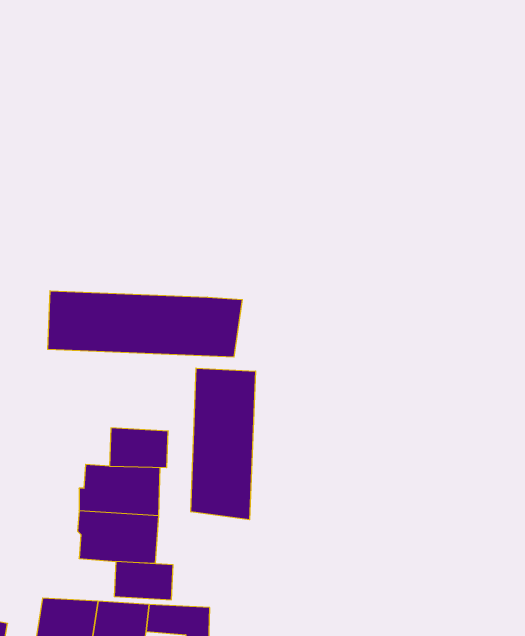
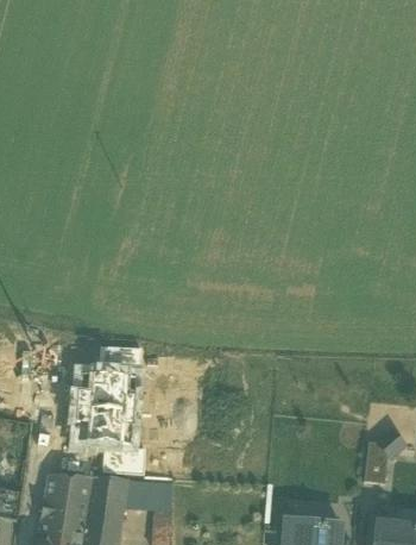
building: [48,291,242,357] -> none
building: [191,368,256,520] -> none
building: none -> [365,428,404,482]

